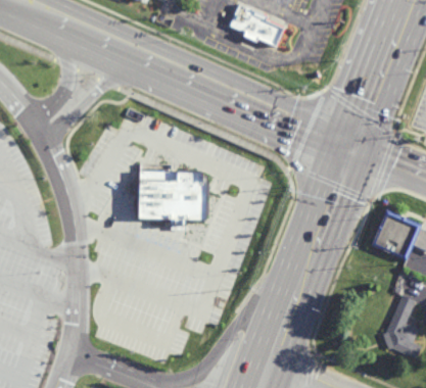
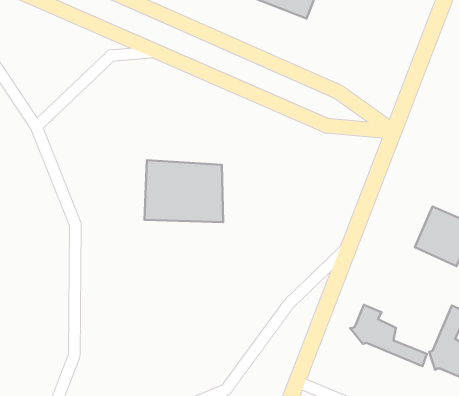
building: none -> [350,305,427,366]

